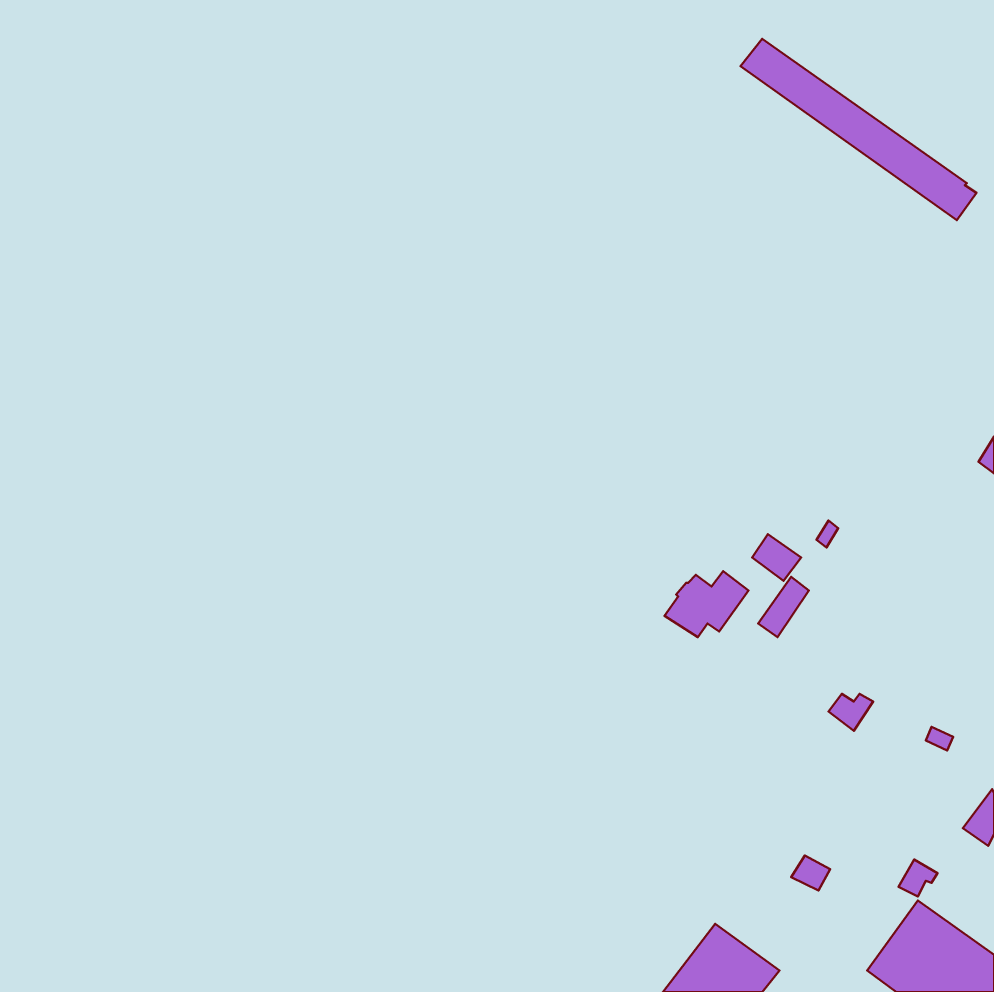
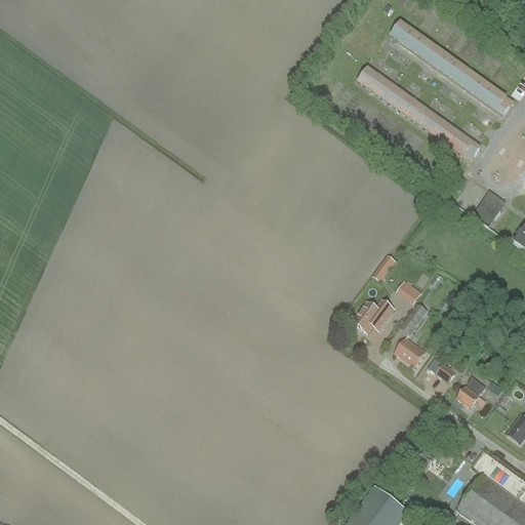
building: none -> [357,67,482,163]
building: none -> [472,192,506,228]
building: none -> [395,338,425,367]
building: none -> [456,377,486,409]

